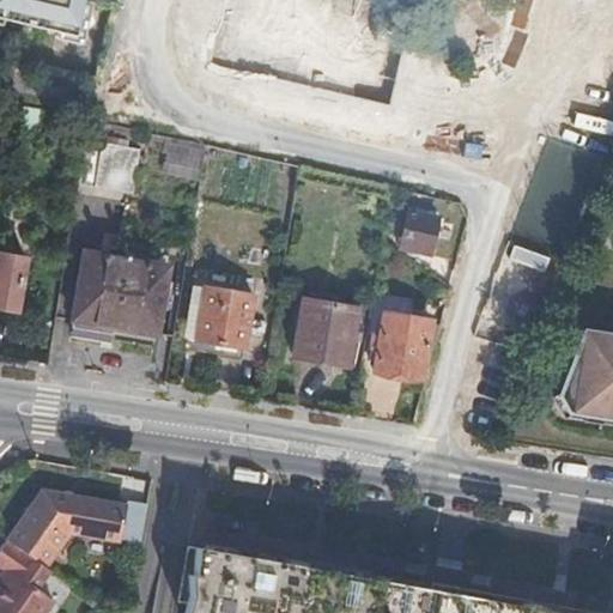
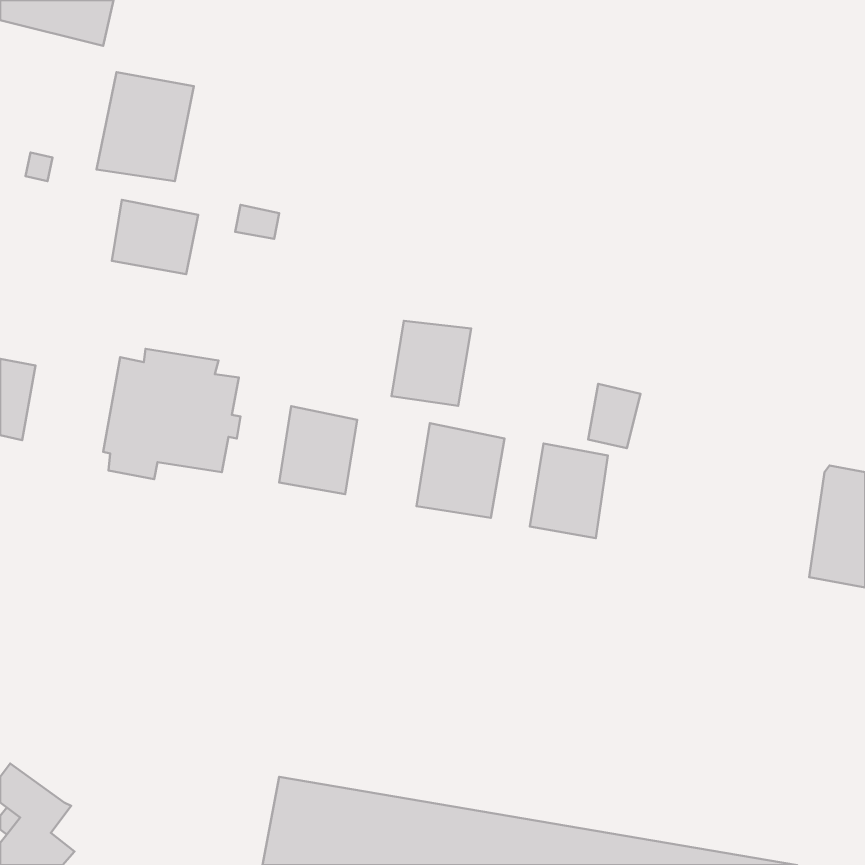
building: none -> [97,72,194,181]
building: [401,210,438,255] -> [588,384,641,448]
building: none -> [392,321,471,406]
building: [7,493,148,568] -> none

